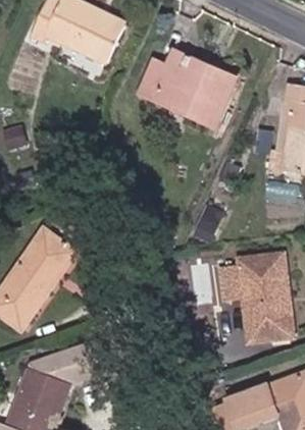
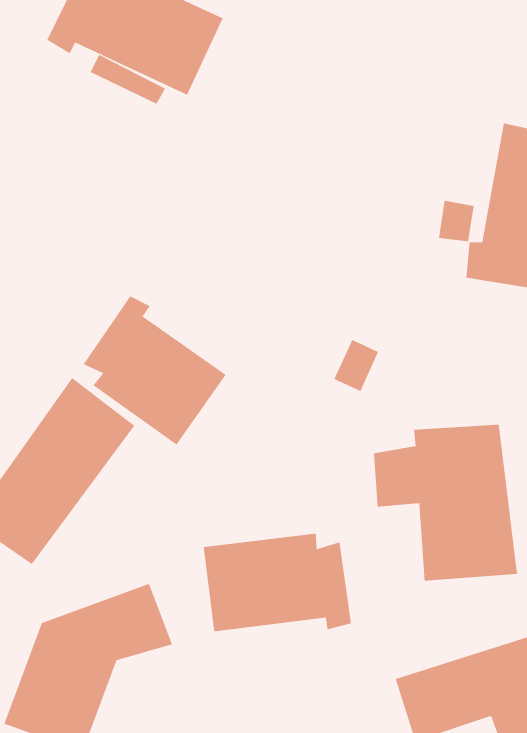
building: [136,47,242,130] -> none
building: none -> [83,296,227,445]
building: none -> [203,533,352,632]

